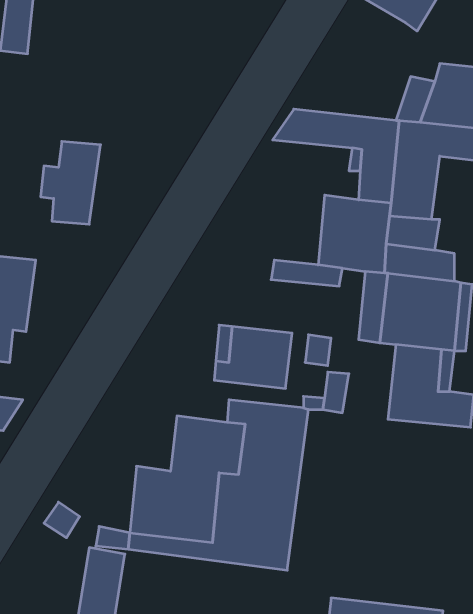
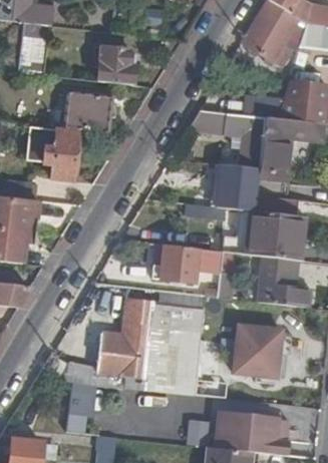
building: none -> [96,47,136,86]
building: none -> [64,91,111,130]
building: none -> [236,324,284,376]

